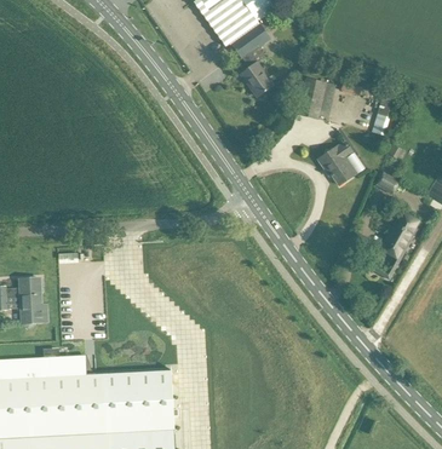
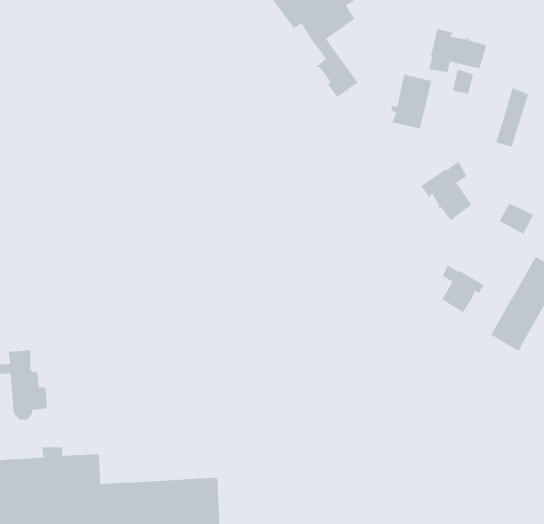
building: none -> [428,28,487,73]
building: none -> [442,264,484,313]

